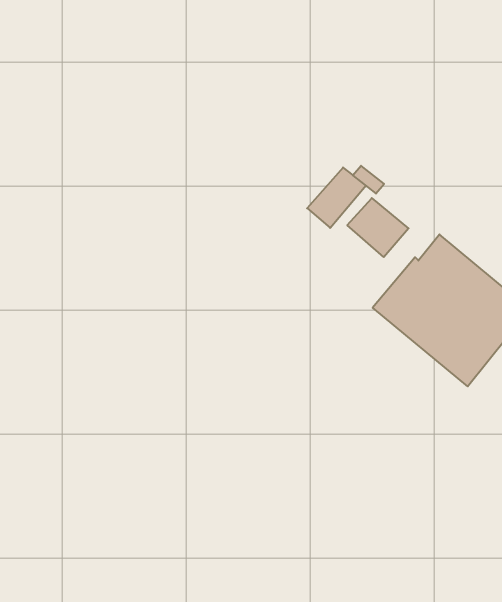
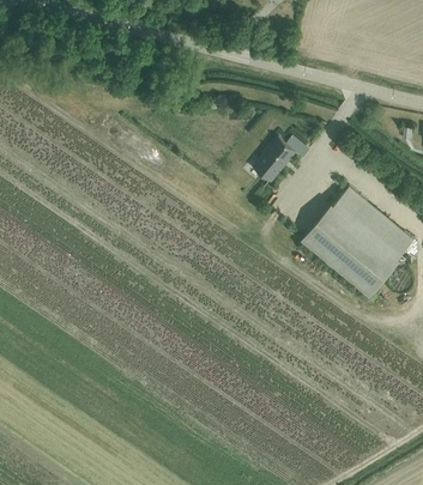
building: [347,198,409,257] -> none

